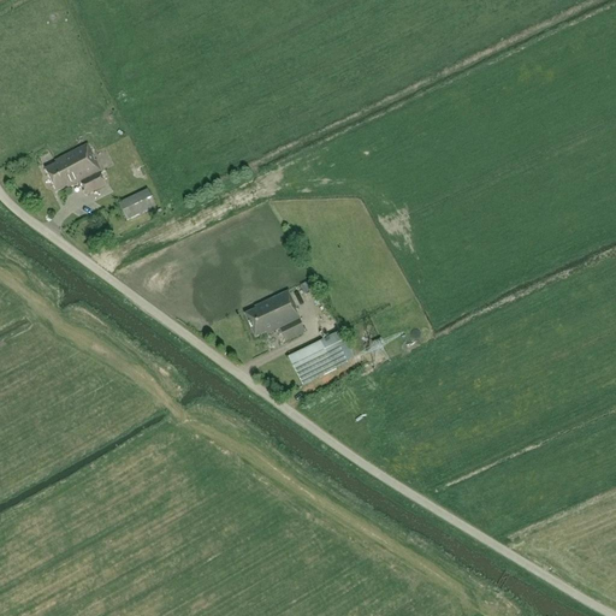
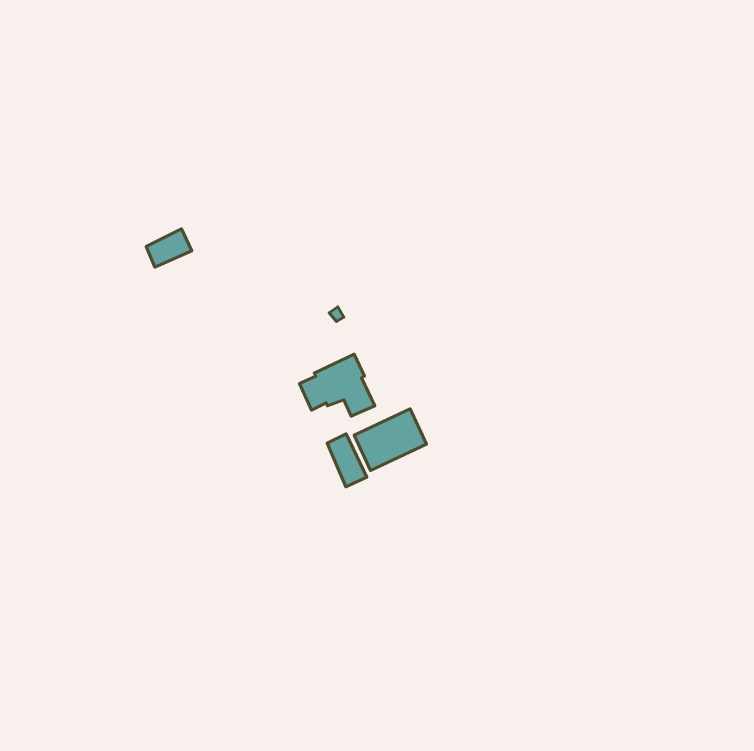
building: [45,143,106,194] -> none
building: none -> [327,434,367,487]

